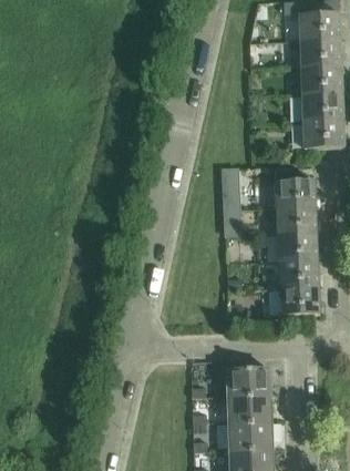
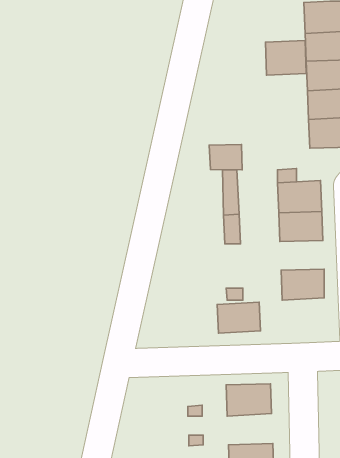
building: none -> [265,40,306,75]
building: none -> [209,144,242,170]
building: [276,234,317,262] -> none
building: [278,287,318,316] -> [217,302,260,333]
building: [227,395,269,423] -> none

